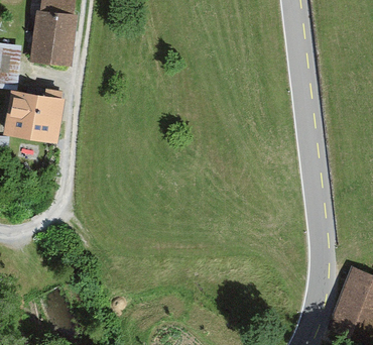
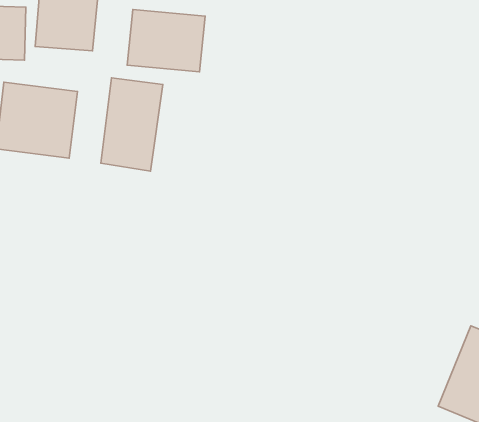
building: none -> [127,10,205,72]
building: none -> [101,78,163,171]

